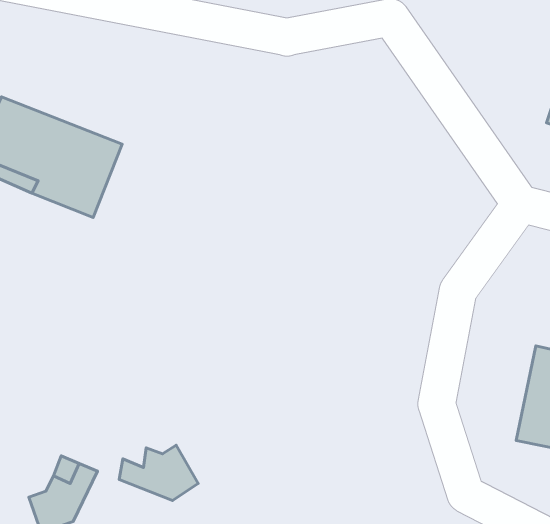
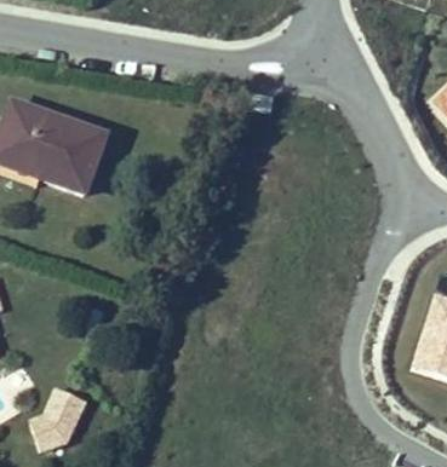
building: [119,445,198,501] -> none

